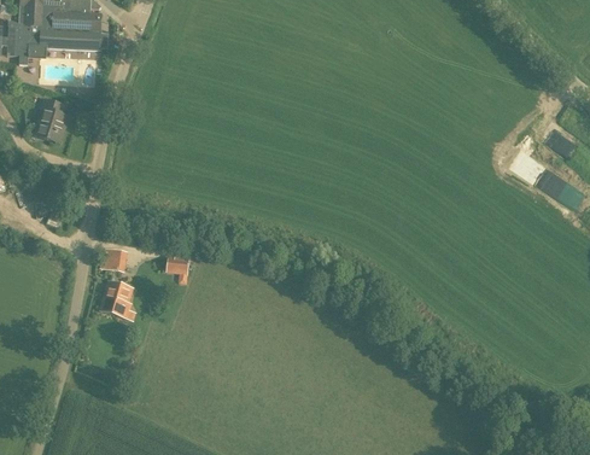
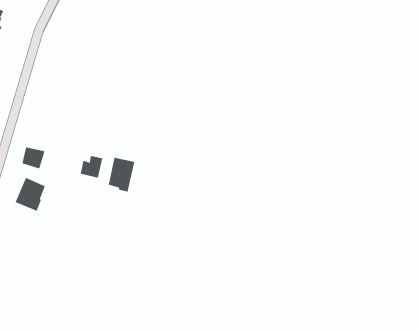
building: none -> [108,157,135,193]

